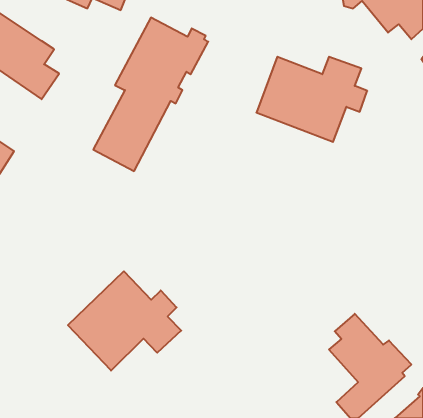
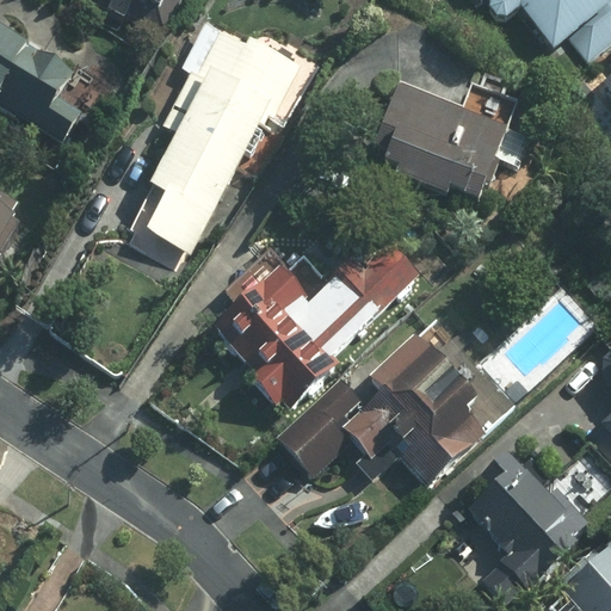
building: none -> [217,242,418,406]
building: none -> [295,331,498,483]
building: [68,271,181,371] -> none

